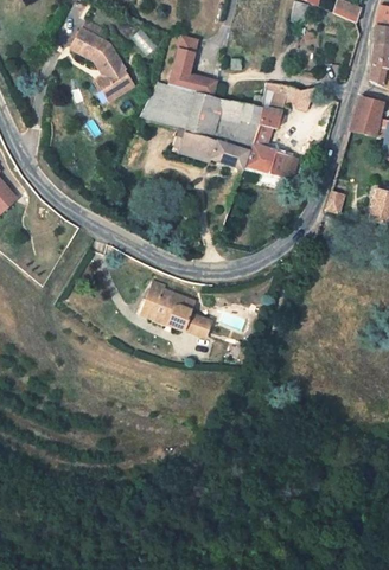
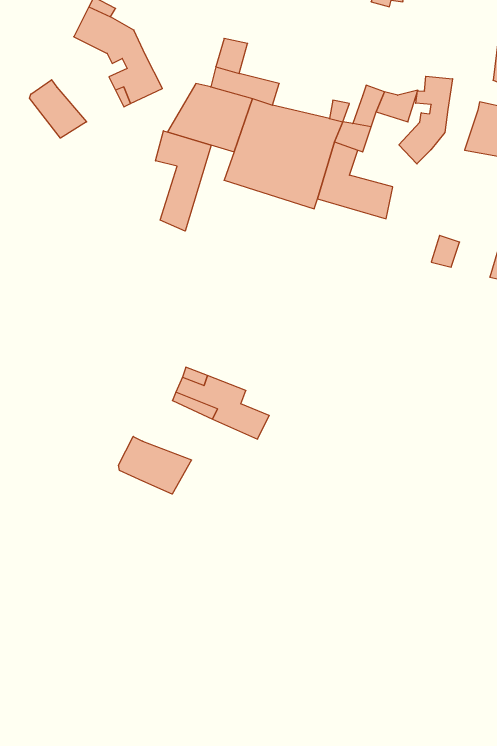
building: none -> [399,76,453,164]
building: none -> [30,80,87,138]
building: none -> [156,131,211,231]
building: none -> [119,436,192,494]

